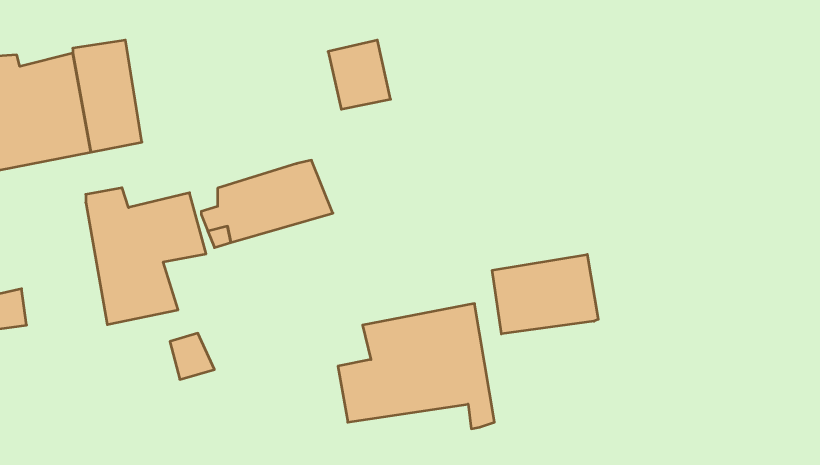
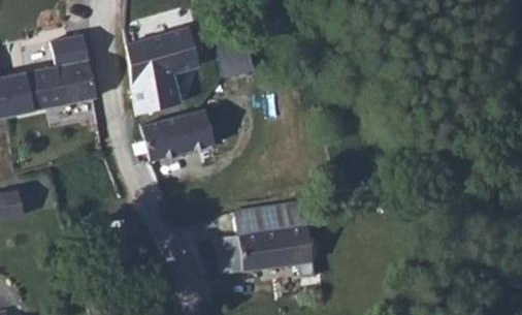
building: [86,188,206,325] -> [124,25,199,111]
building: [492,254,598,334] -> none

